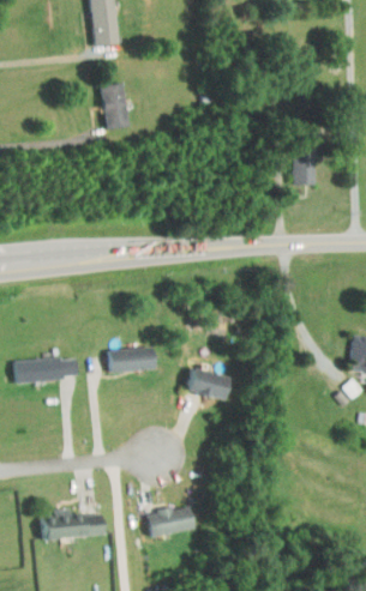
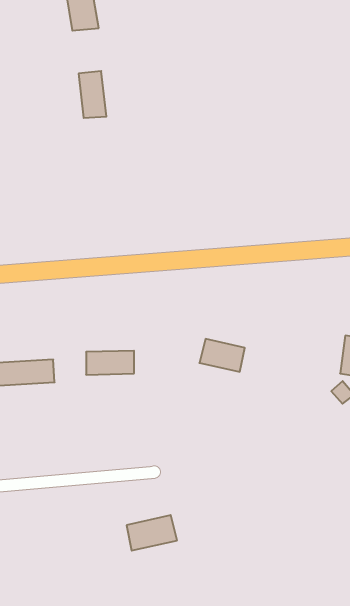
building: [293,151,314,186] -> none
building: [186,369,229,400] -> [199,339,245,372]
building: [41,508,104,541] -> none

